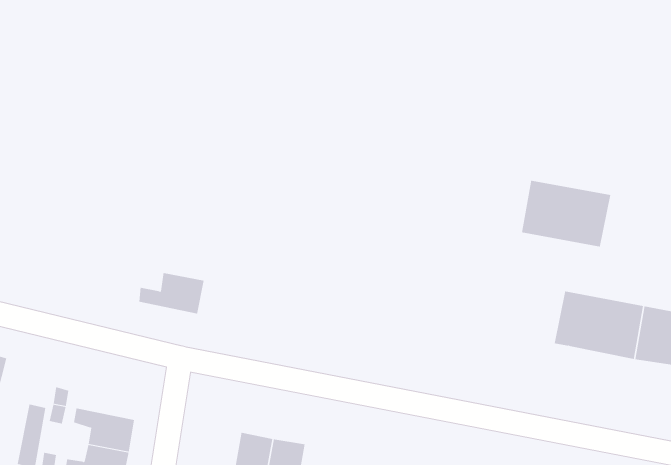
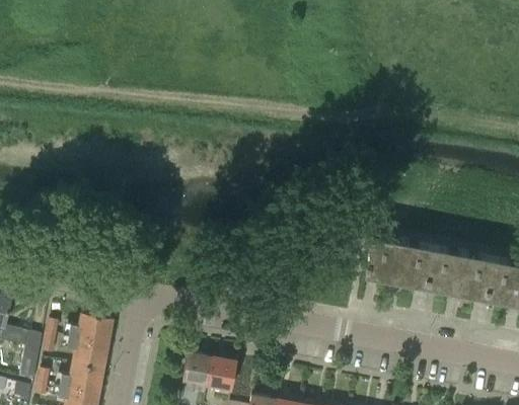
building: [521,180,611,247] -> [365,236,433,287]
building: [139,272,204,314] -> [64,313,114,344]

